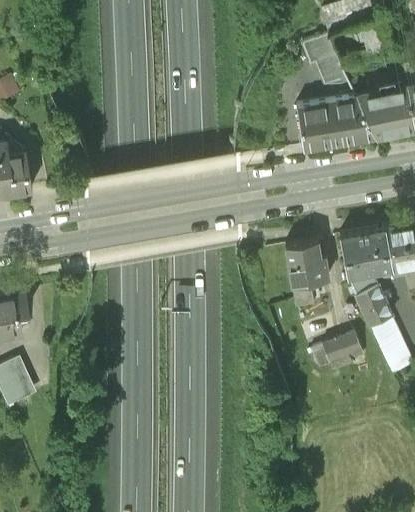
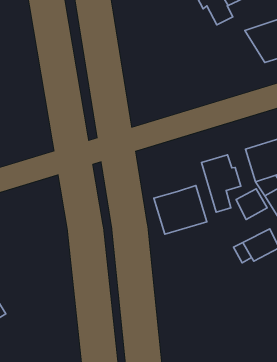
building: [296,96,375,147] -> none
building: none -> [154,186,207,234]
building: none -> [236,189,267,220]

